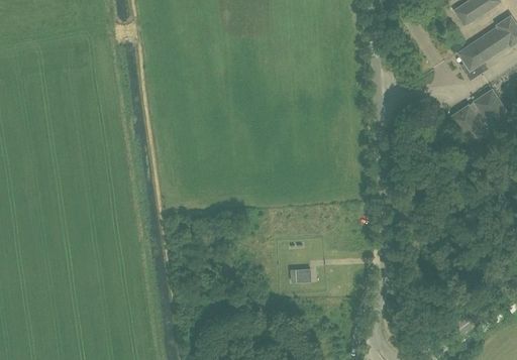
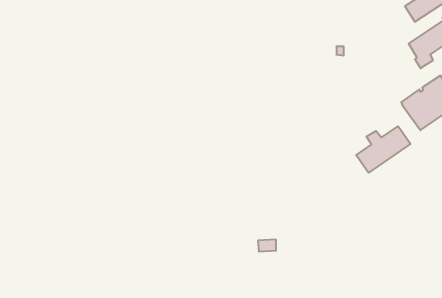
building: none -> [356,126,410,173]

